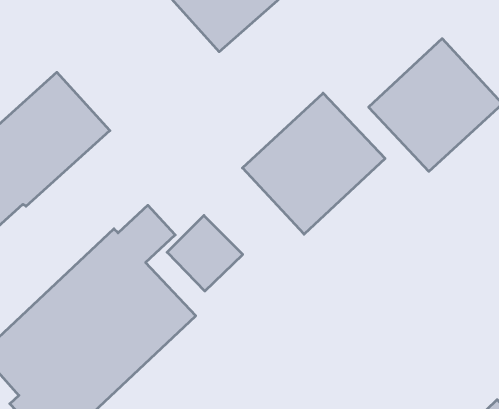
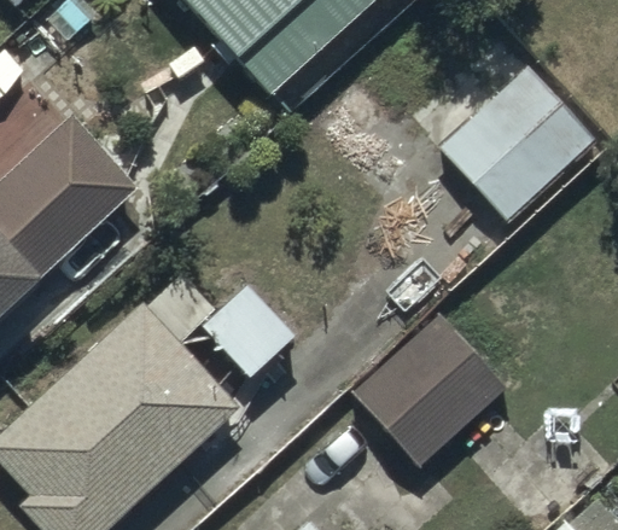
building: [242,93,385,234] -> none
building: none -> [350,315,503,467]

